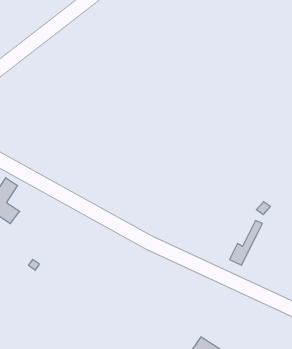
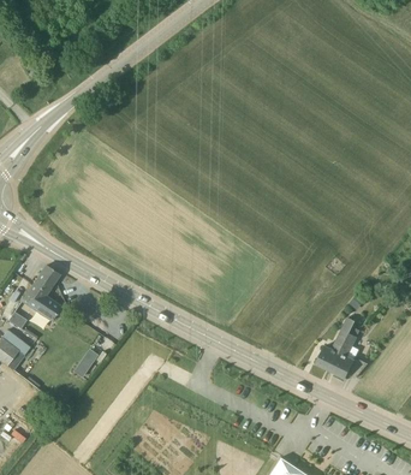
building: none -> [330,333,368,379]

